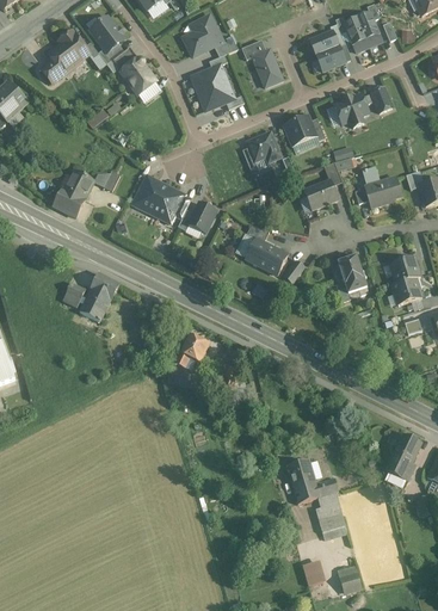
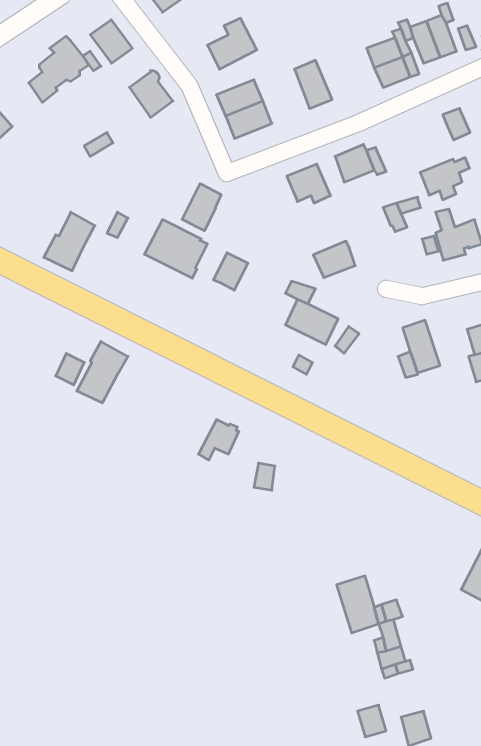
building: [334,93,374,126] -> [420,158,470,200]
building: none -> [182,184,221,231]
building: [303,180,337,209] -> [313,241,355,278]

